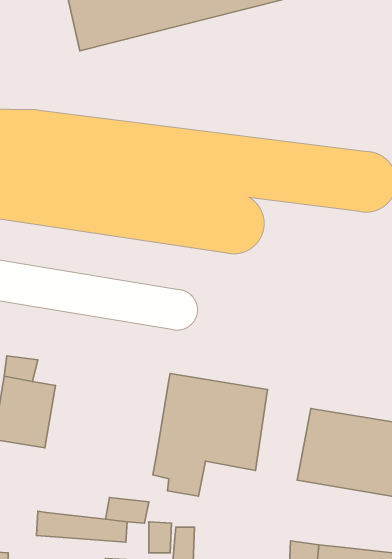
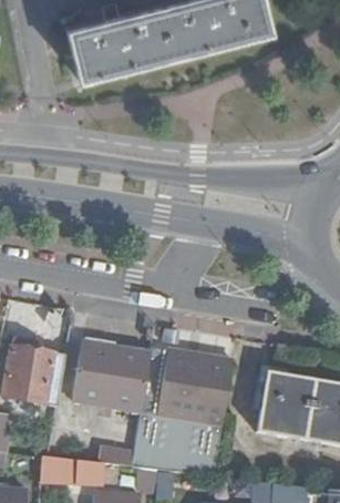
building: none -> [72,338,151,409]

